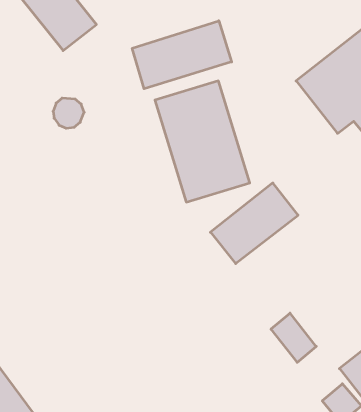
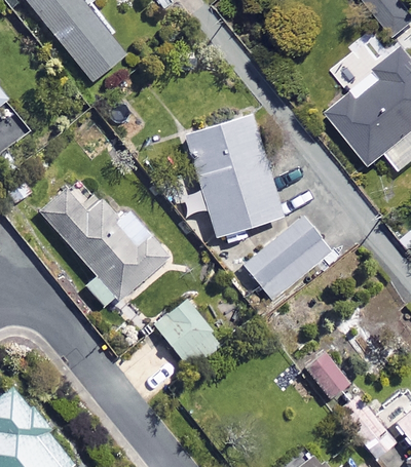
building: [132,21,232,89] -> none
building: none -> [42,179,167,309]
building: none -> [155,301,220,368]

